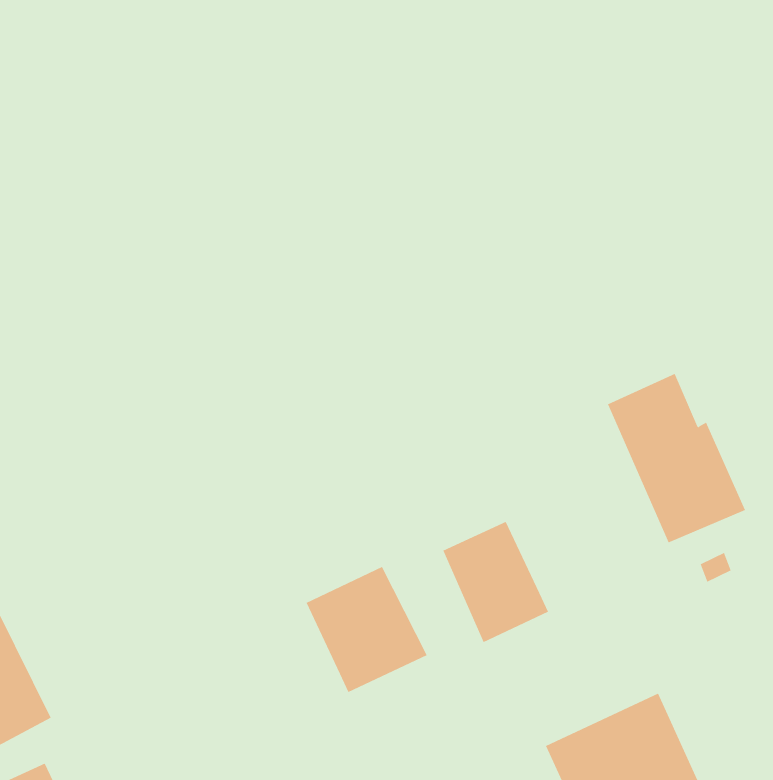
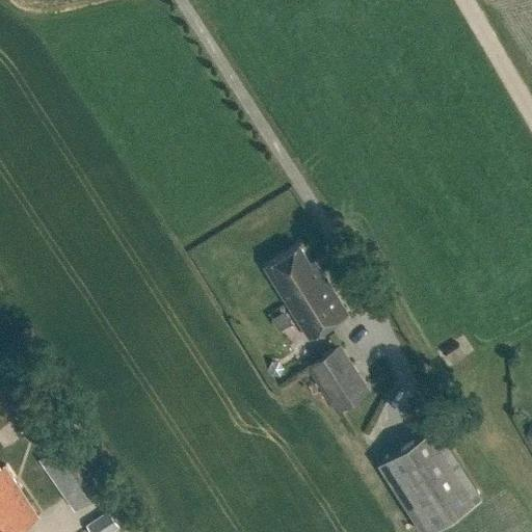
building: [607,373,746,543] -> [265,248,348,341]
building: [306,566,427,693] -> none

